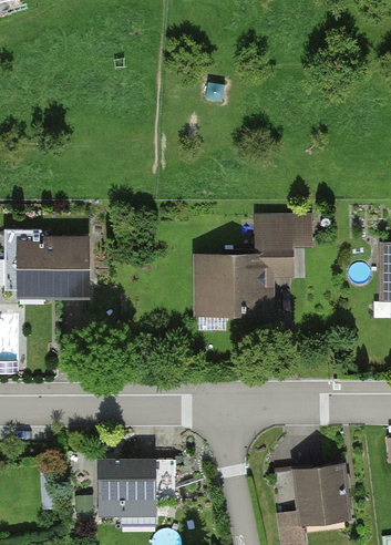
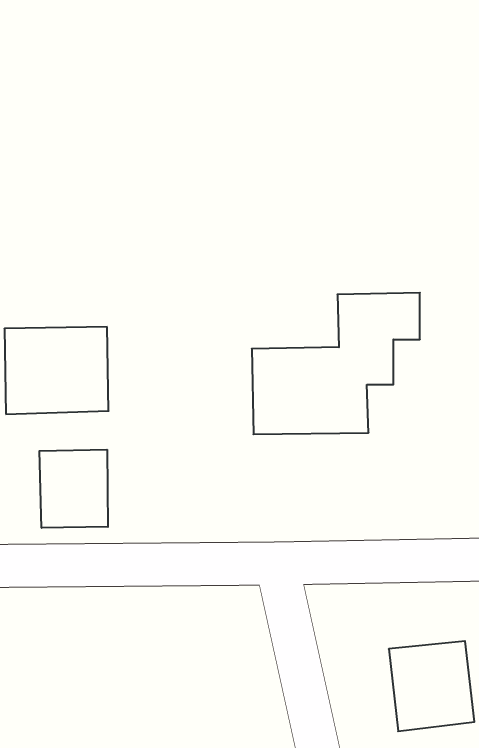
building: none -> [39,450,108,528]
building: [96,456,155,516] -> none

